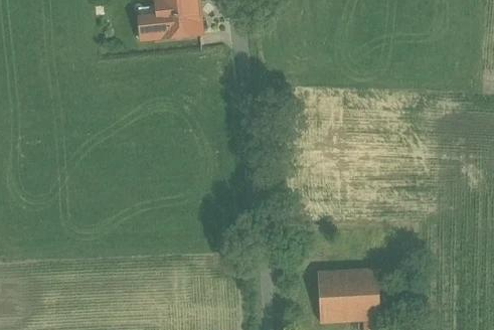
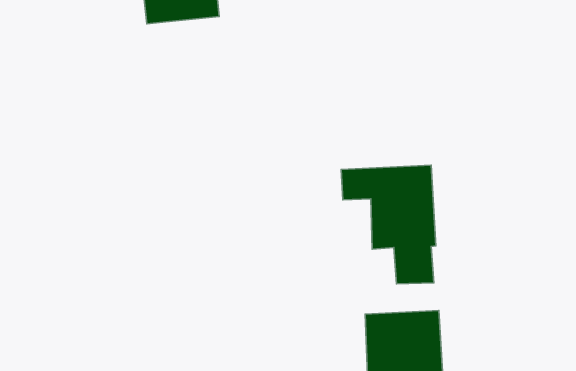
building: none -> [341,165,436,284]

